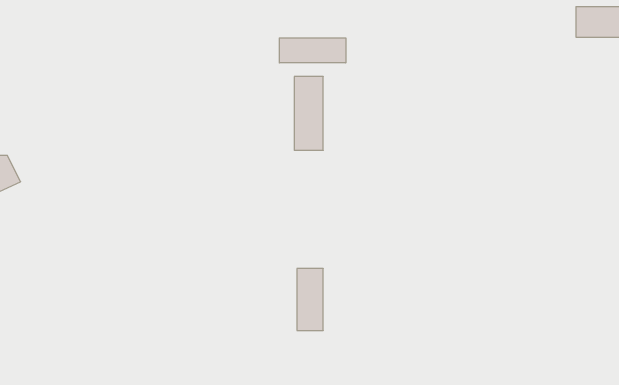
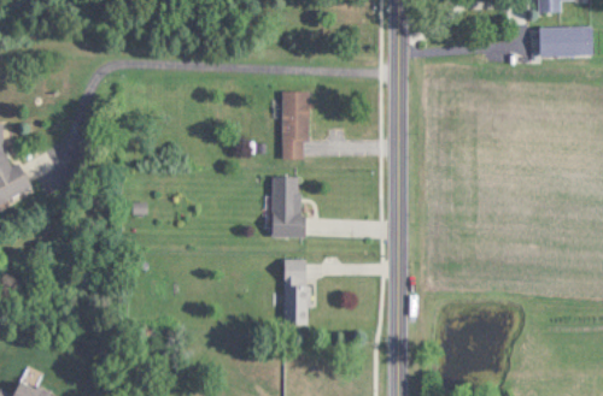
building: [279,38,346,63] -> none
building: none -> [271,176,302,237]

